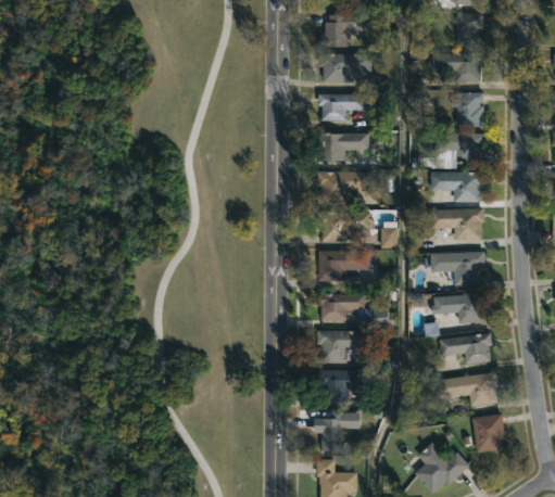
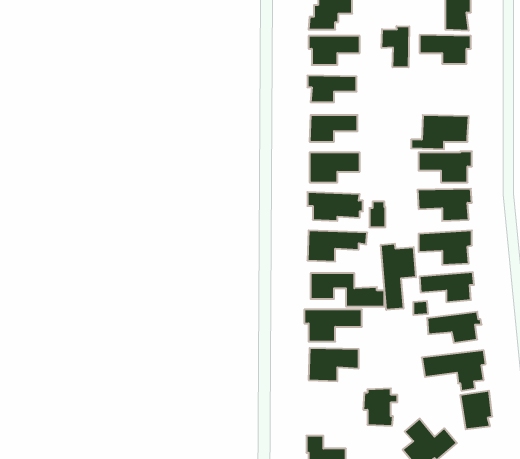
building: none -> [382,26,409,67]
building: [450,92,483,127] -> none
building: none -> [381,244,416,310]
building: [315,412,350,450] -> [363,388,397,426]

